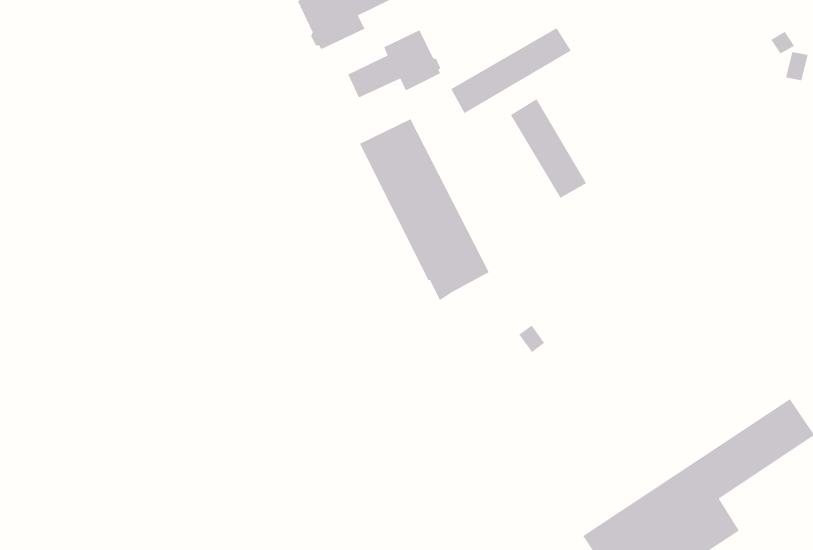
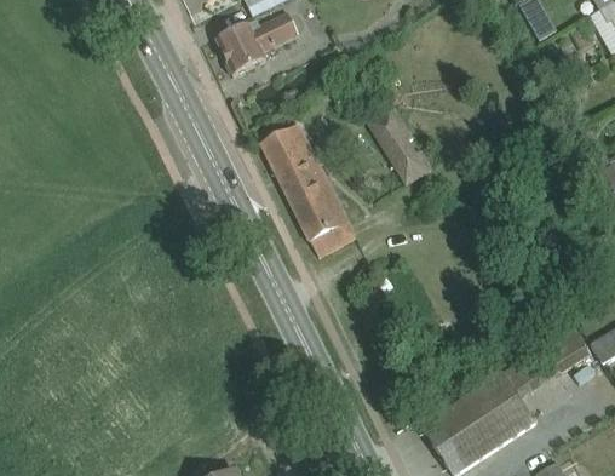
building: [450,27,572,114] -> none
building: [347,29,441,98] -> none

